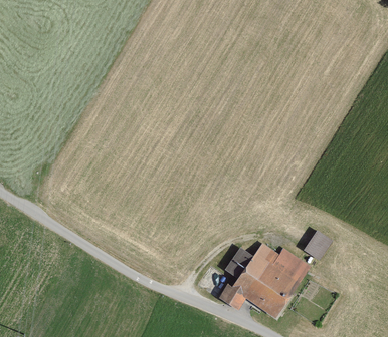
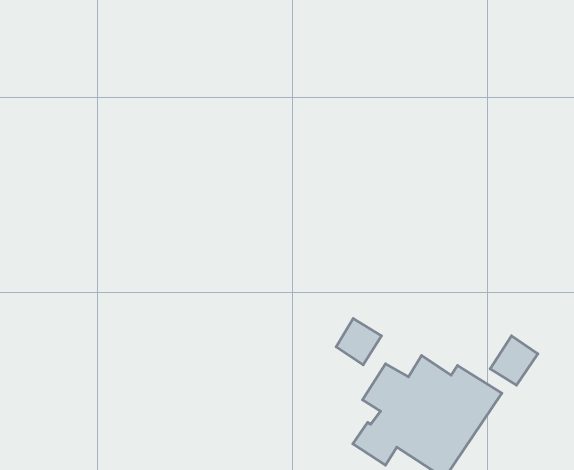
building: none -> [336,319,382,365]

